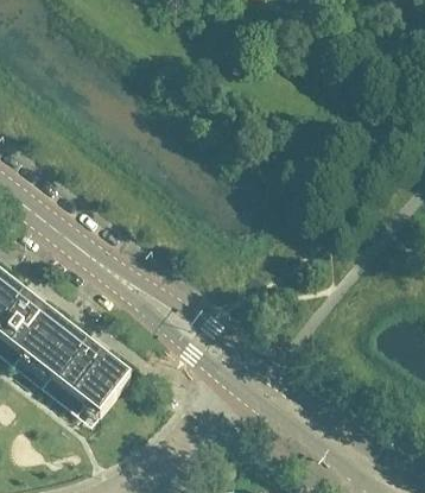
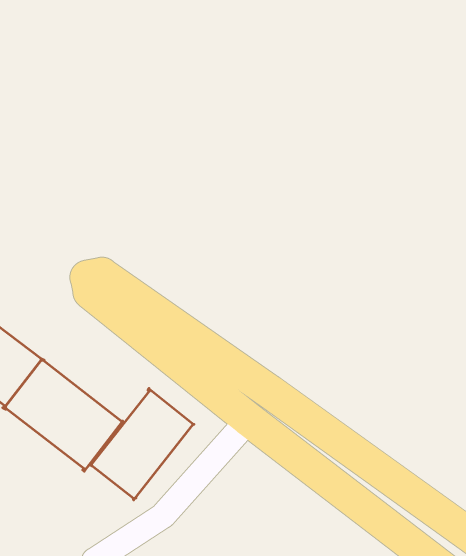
building: none -> [89,388,194,500]

